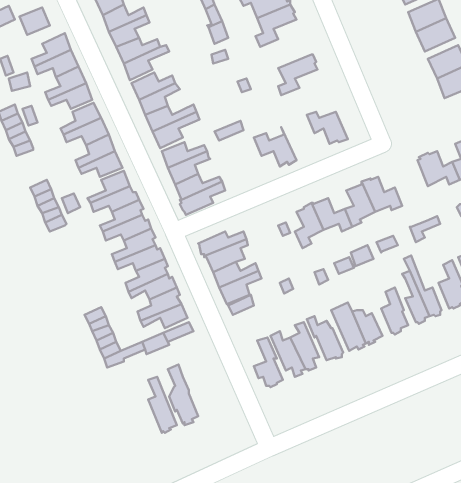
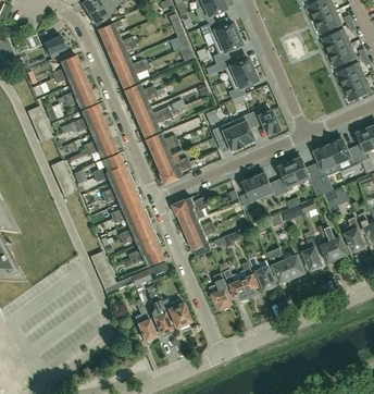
building: none -> [216,58,253,79]
building: none -> [232,113,255,146]
building: none -> [313,146,337,178]
building: none -> [161,298,190,329]

